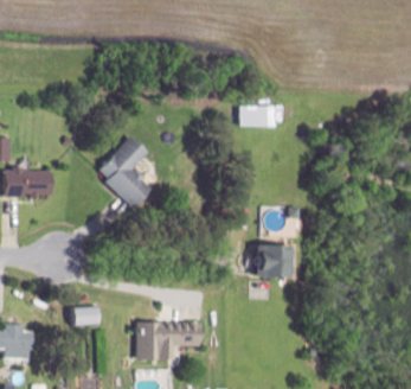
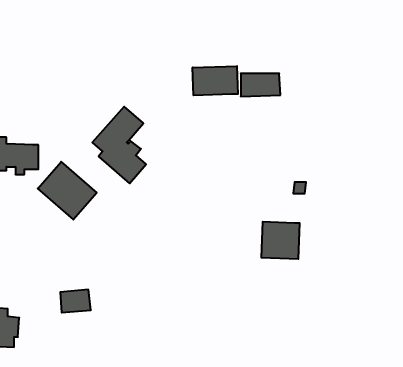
building: none -> [193,66,238,95]
building: none -> [38,162,97,220]
building: [135,321,201,361] -> none

